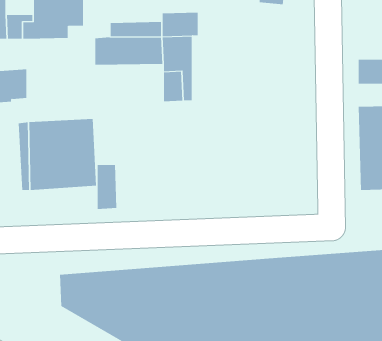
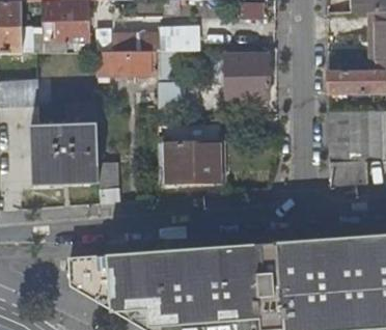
building: none -> [227,53,270,94]
building: none -> [160,140,222,182]

